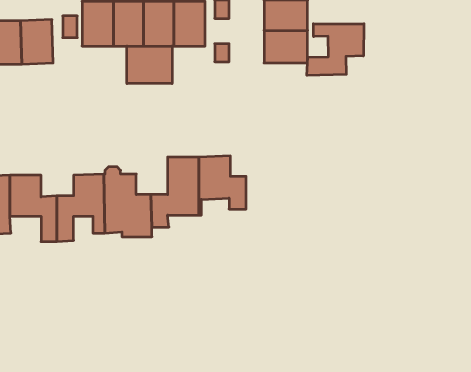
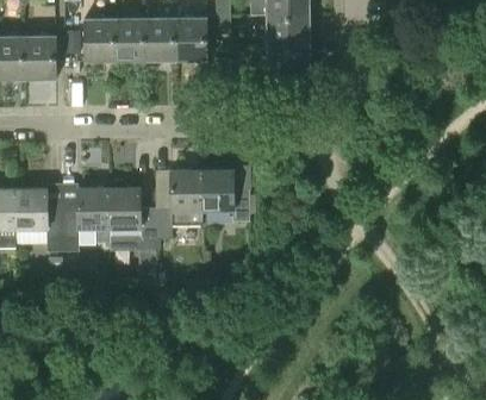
building: [307,24,364,75] -> none
building: [127,46,172,84] -> none

